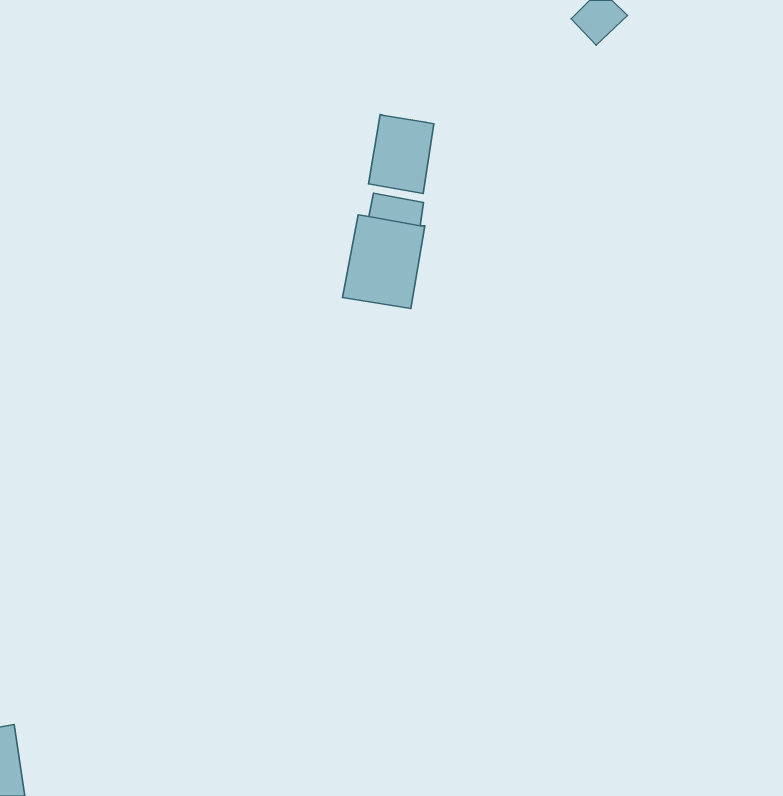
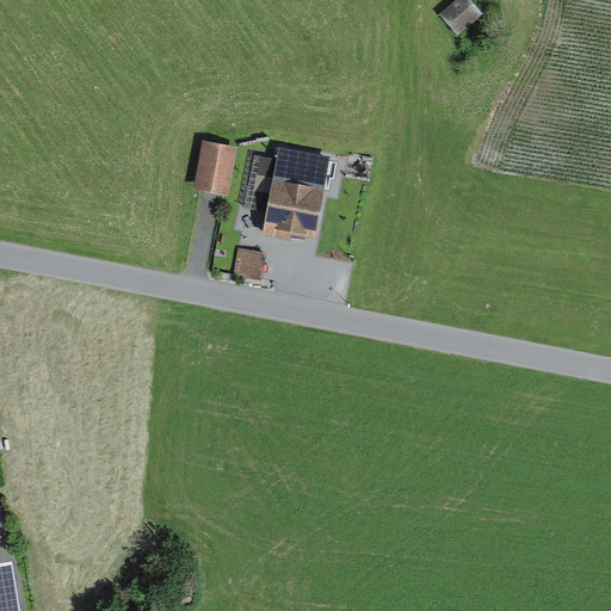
building: [368,114,434,194] -> none
building: none -> [192,140,236,195]

